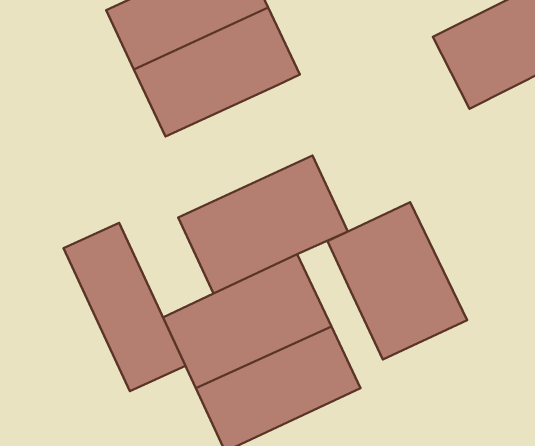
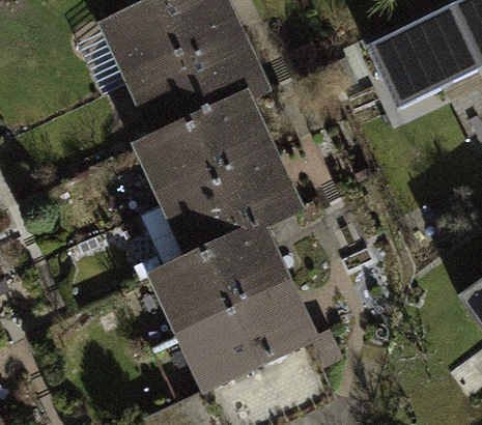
building: none -> [137,87,274,196]
building: [328,202,467,359] -> none
building: [64,223,185,391] -> none

